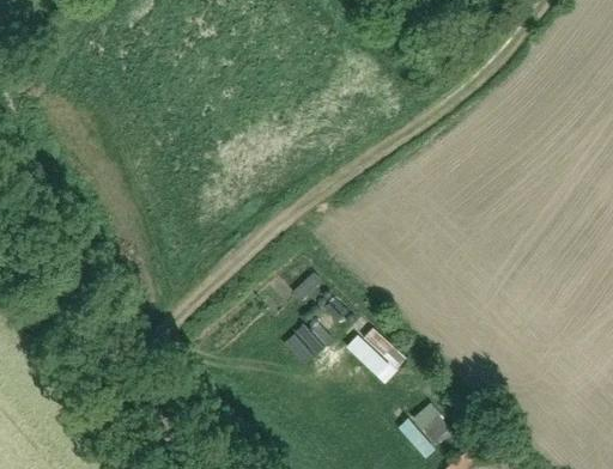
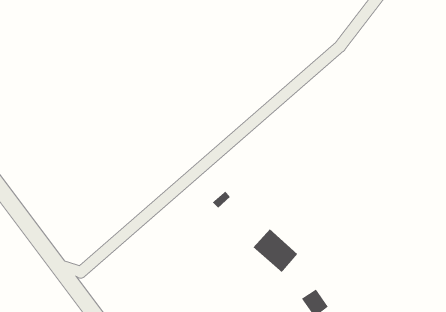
building: [284,325,323,365] -> none

